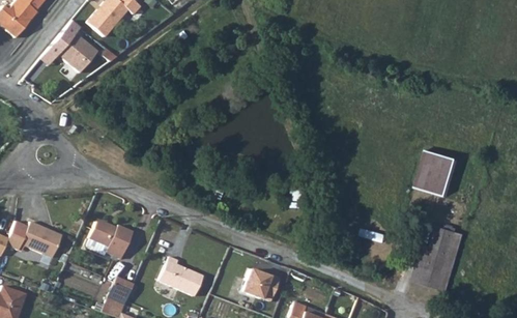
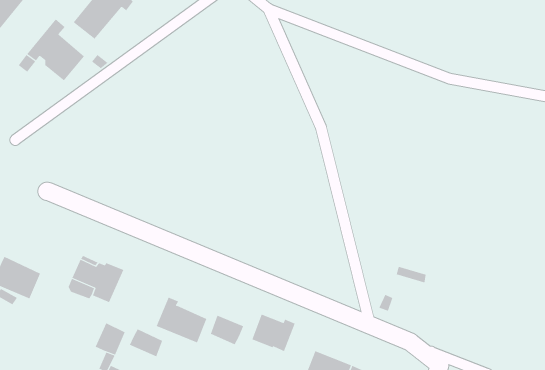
building: [415,150,458,197] -> none
building: [412,225,464,289] -> none
building: none -> [210,315,244,345]
building: none -> [129,328,163,357]

